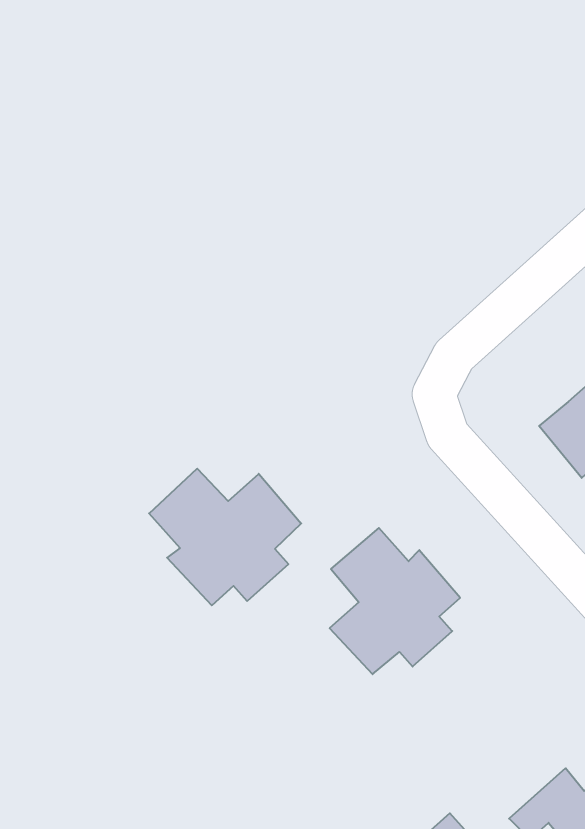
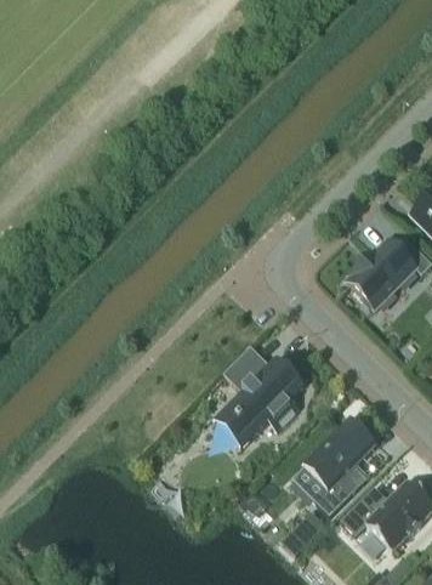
building: [149,469,301,605] -> none
building: none -> [303,422,371,516]

